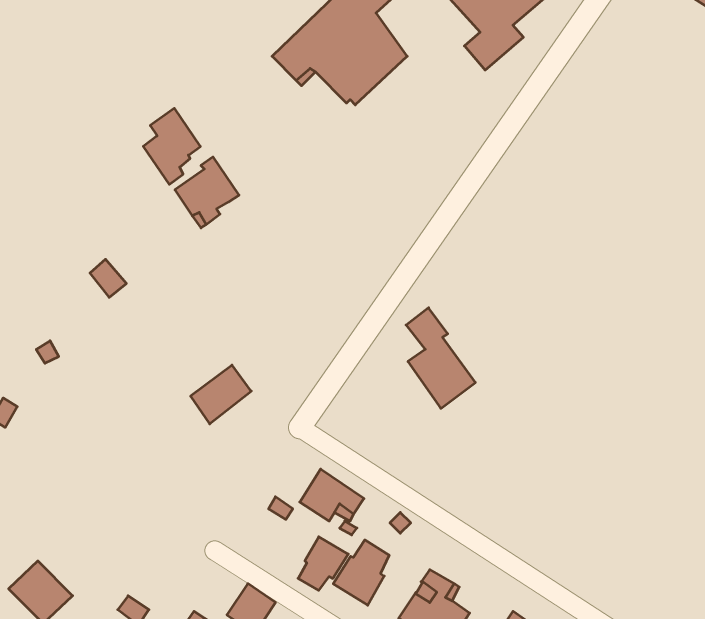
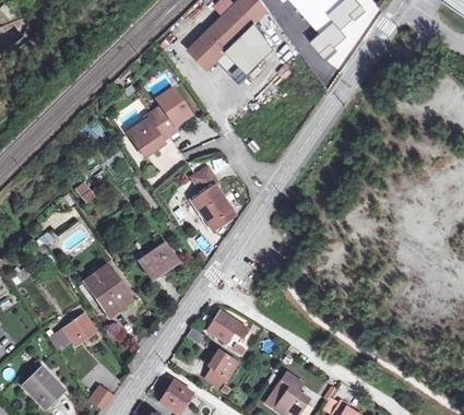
building: [143,108,200,184] -> [152,88,188,137]
building: [406,308,475,408] -> [190,167,234,230]
building: none -> [80,266,128,315]
building: none -> [60,311,96,344]
building: [333,540,389,605] -> none

